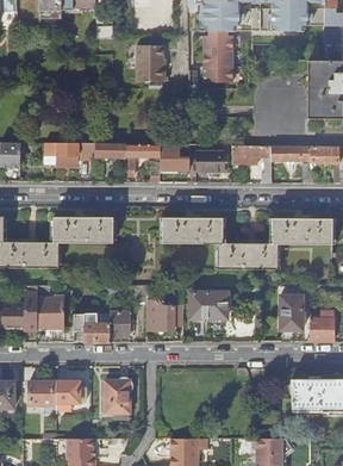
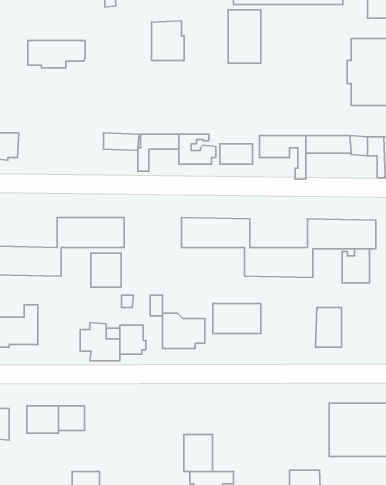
building: [45,142,95,166] -> [28,41,85,68]
building: [38,297,64,327] -> [91,253,121,287]
building: [310,311,333,341] -> [342,249,369,283]
building: [104,380,129,412] -> [184,435,212,471]

